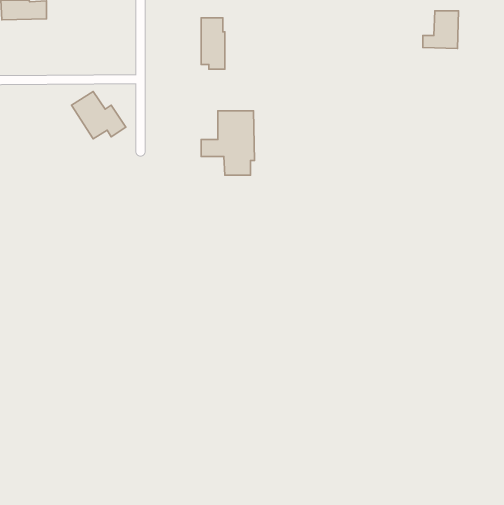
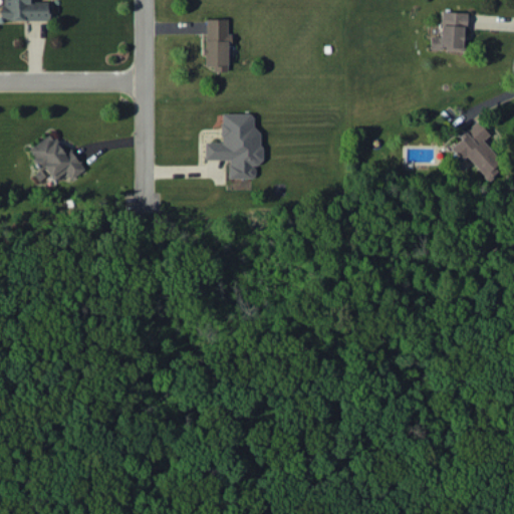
building: [71,91,126,139] -> [31,134,86,182]
building: none -> [450,121,504,179]

